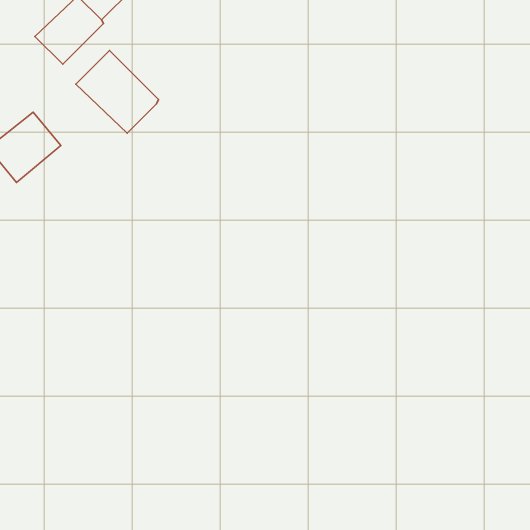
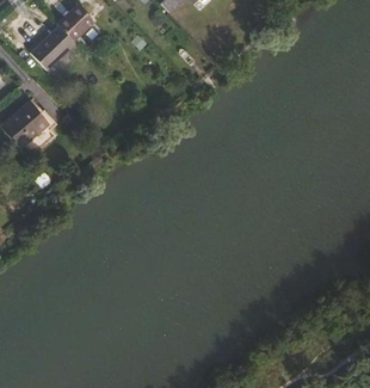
building: [76,51,159,133] -> none

